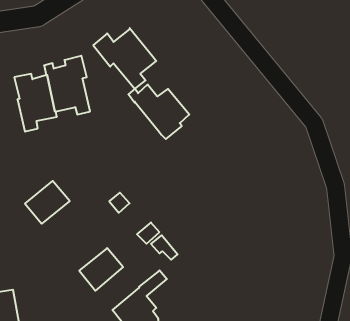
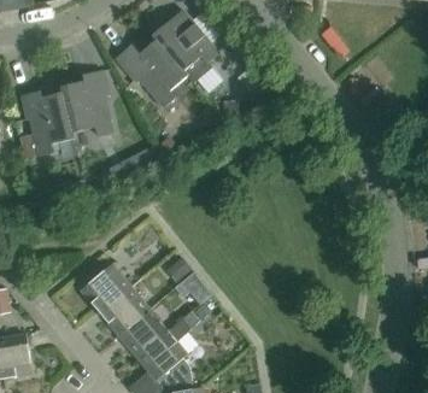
building: [128,85,189,139] -> [148,18,217,80]
building: [25,181,70,224] -> [80,263,130,311]
building: none -> [117,307,166,356]

